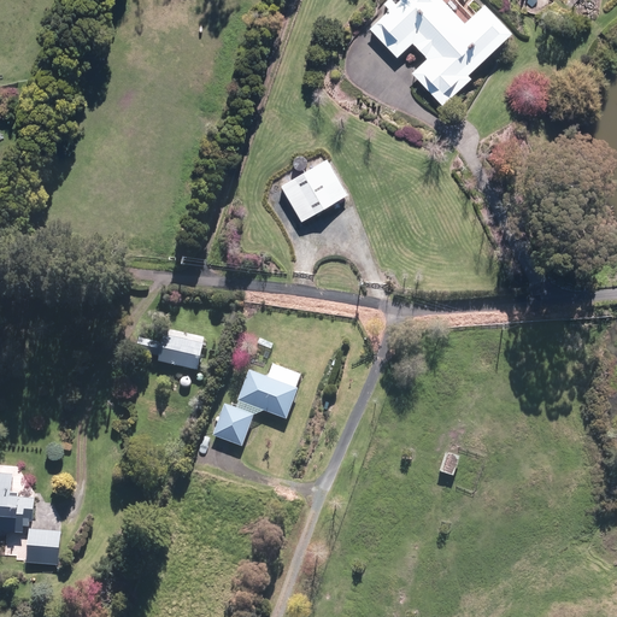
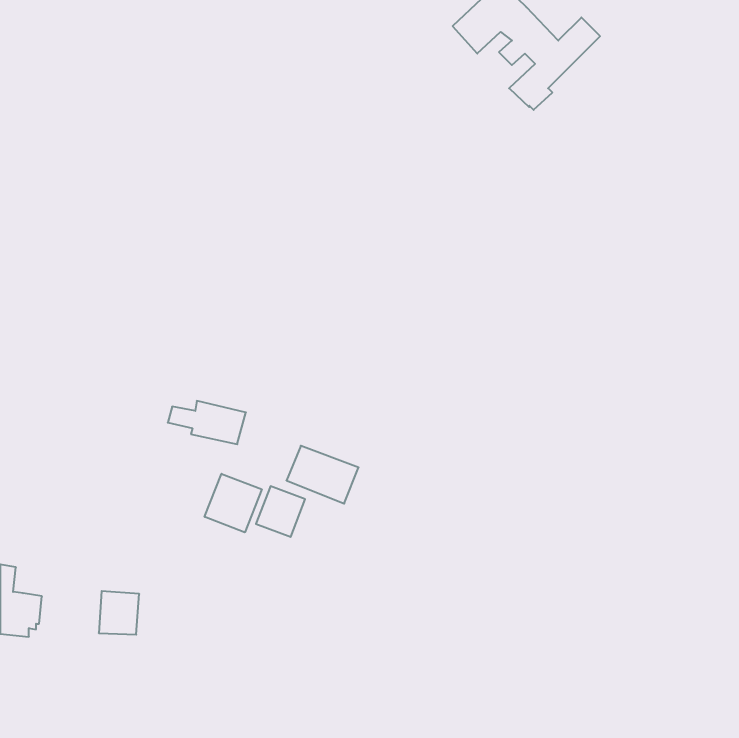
building: [280,159,347,221] -> none
building: none -> [205,474,262,532]
building: [28,527,61,563] -> [99,591,139,635]

